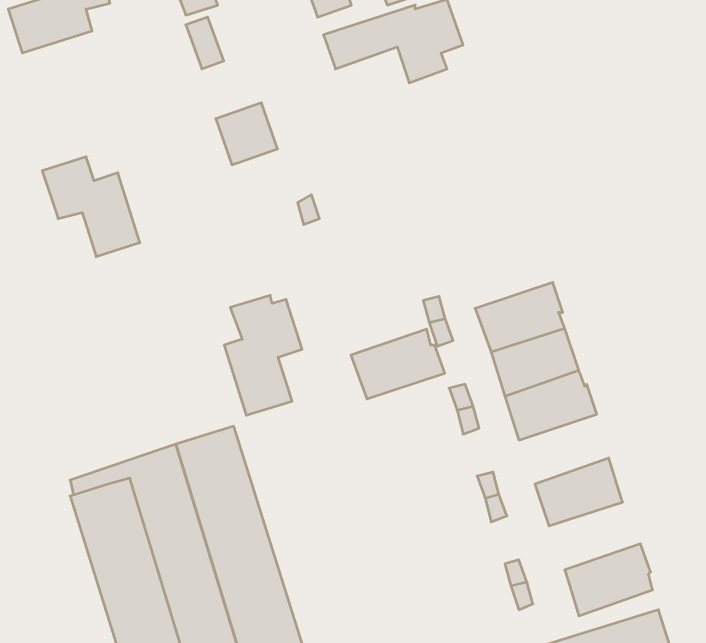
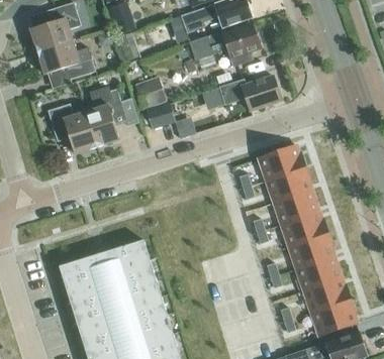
building: none -> [36,40,95,80]
building: none -> [218,76,281,111]
building: none -> [145,101,175,130]
building: [224,295,302,415] -> [85,87,124,147]
building: [351,329,445,399] -> [258,145,305,181]
building: none -> [288,234,333,269]
building: none -> [303,278,350,313]

